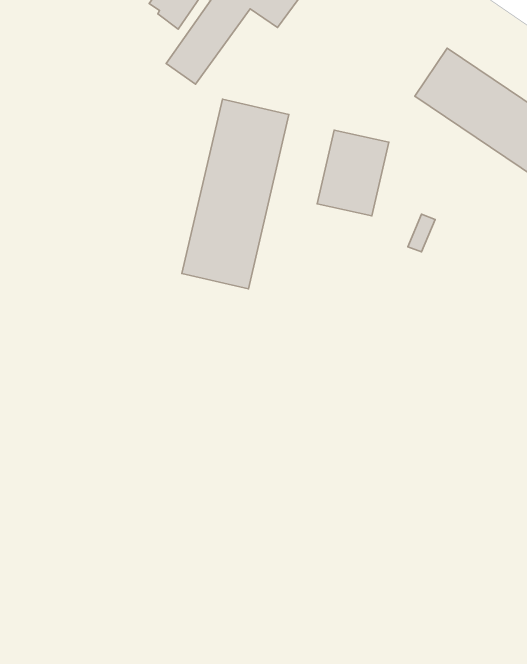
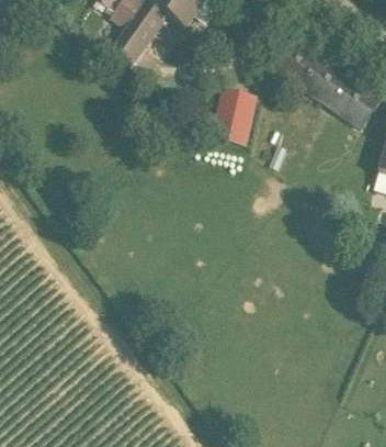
building: [182,99,289,289] -> none

